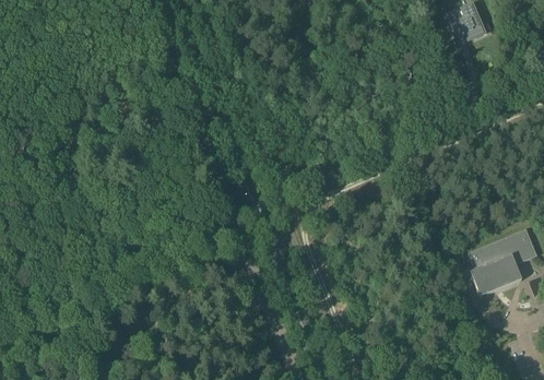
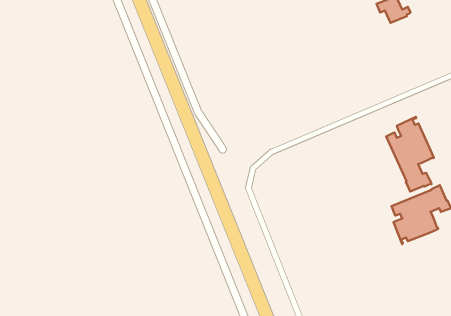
building: none -> [386,117,434,192]

